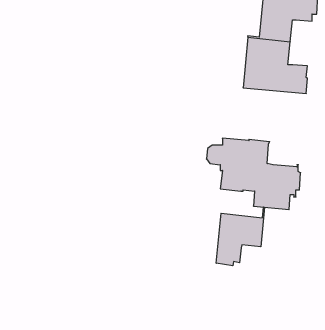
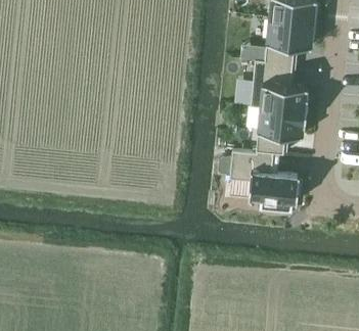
building: none -> [251,105,307,154]
building: [216,207,264,266] -> none

